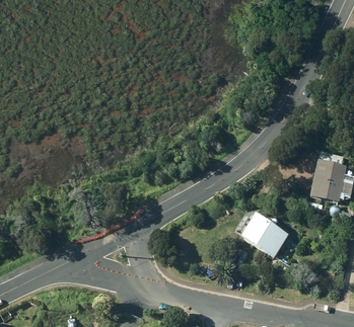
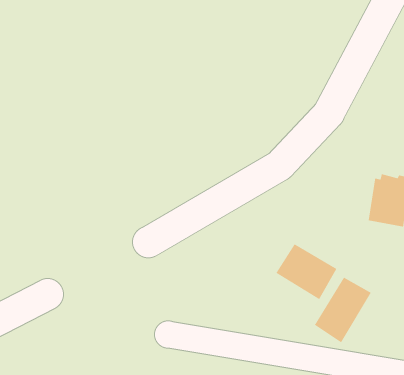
building: none -> [314,277,372,343]

